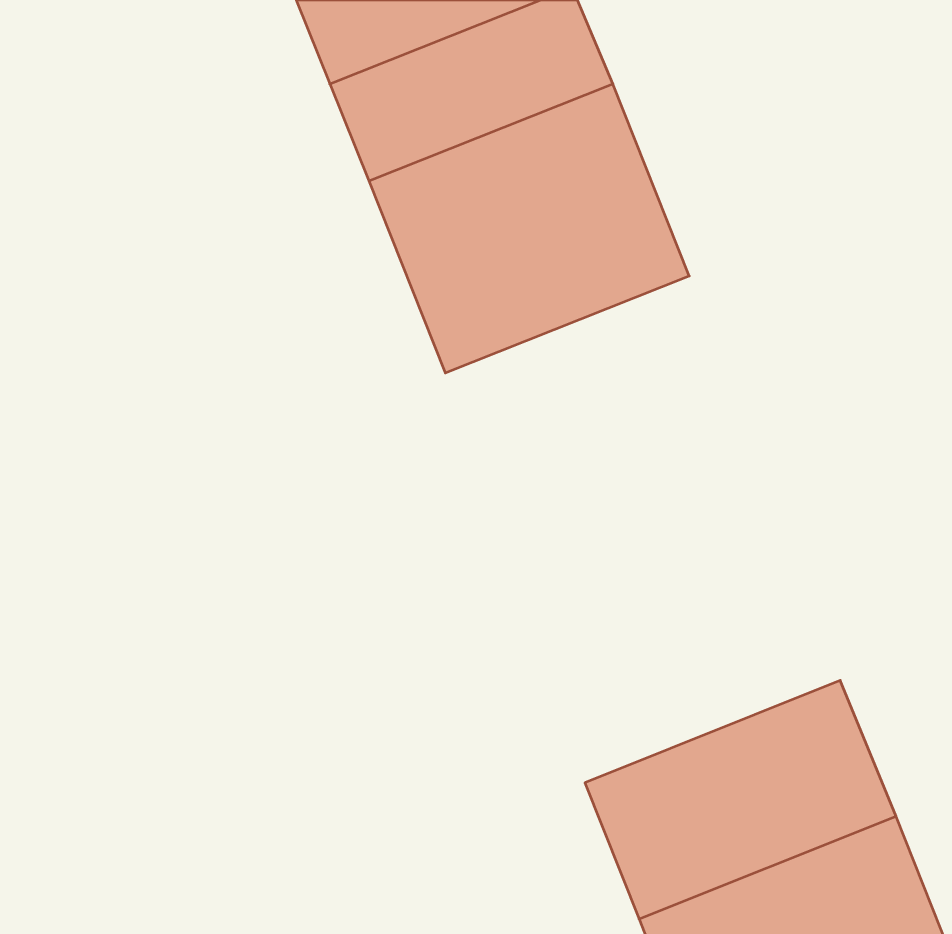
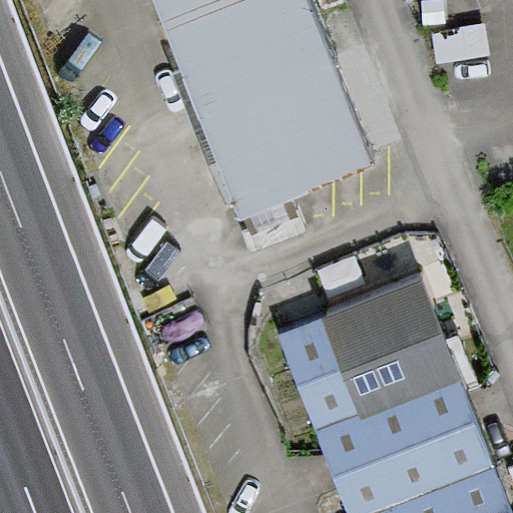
building: none -> [276,277,457,431]

